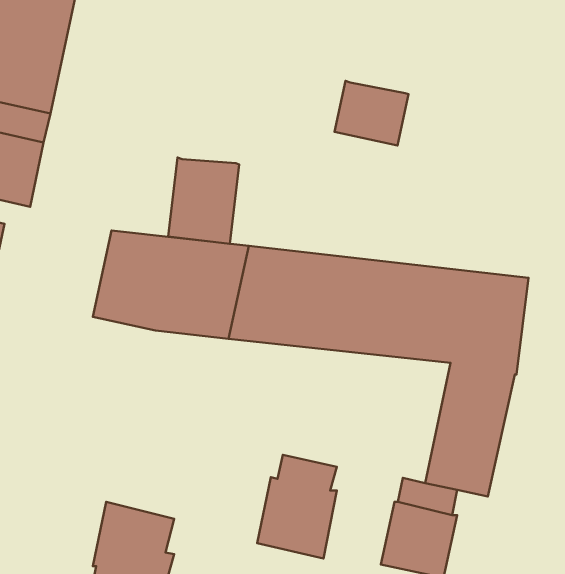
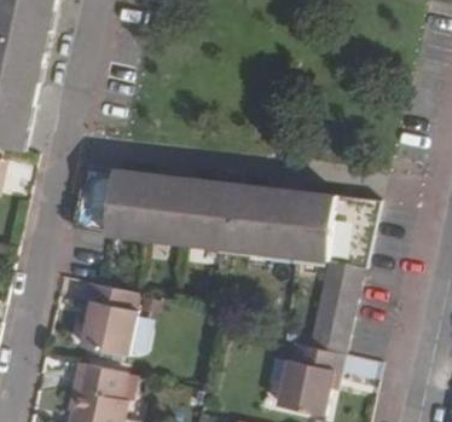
building: [335,81,408,146] -> none
building: [168,157,239,244] -> none
building: [257,455,337,558] -> [76,283,133,357]

